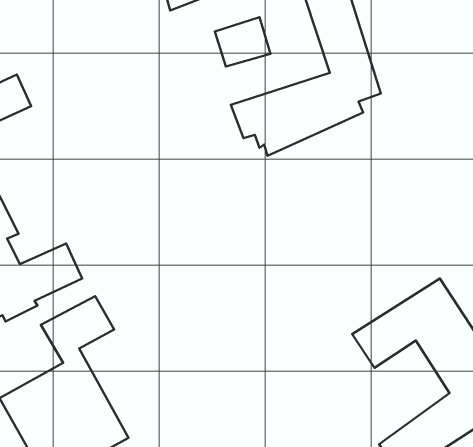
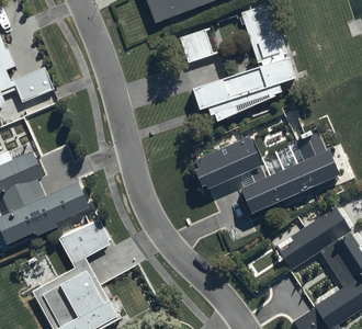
building: none -> [239,131,337,214]
building: none -> [195,137,262,190]

